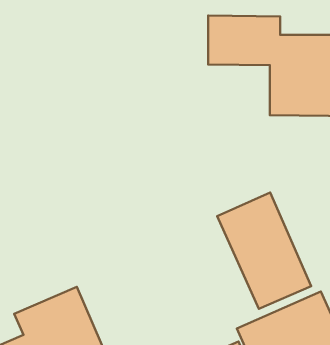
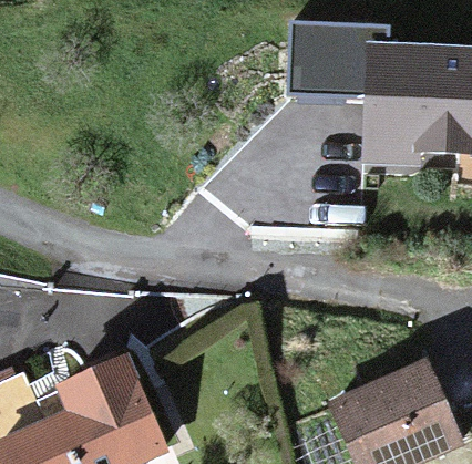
building: [217,193,311,309] -> none

